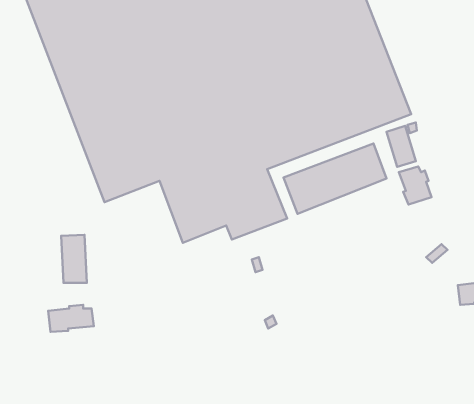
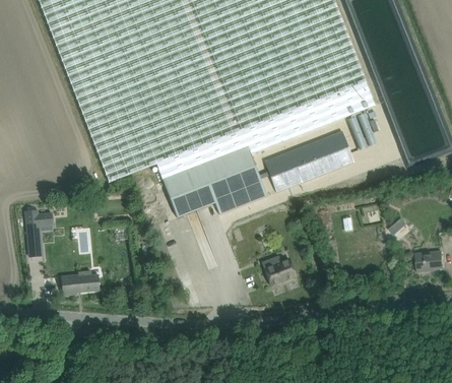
building: [399,166,431,205] -> none
building: none -> [24,209,52,244]
building: none -> [262,257,296,284]

